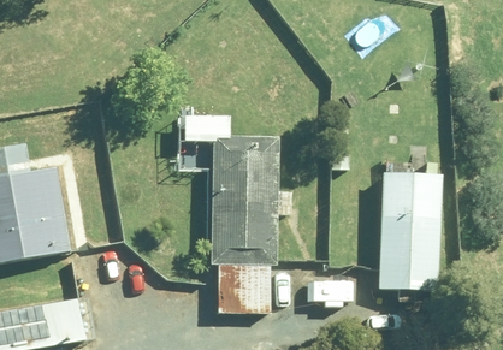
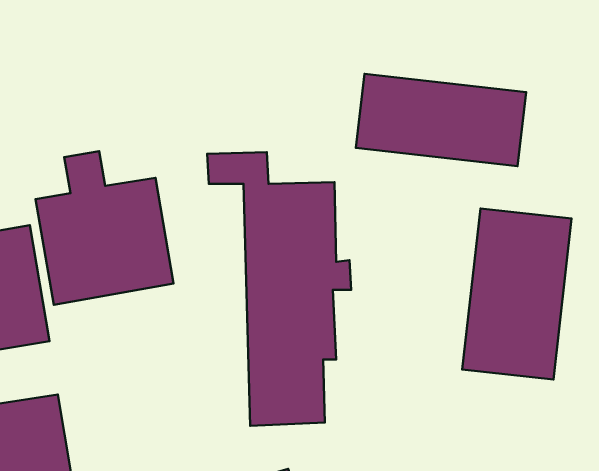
building: none -> [356,74,526,166]
building: none -> [36,151,174,305]

